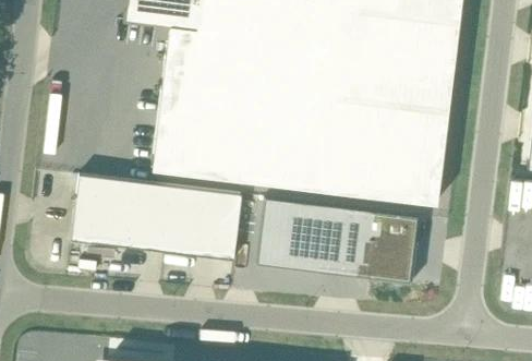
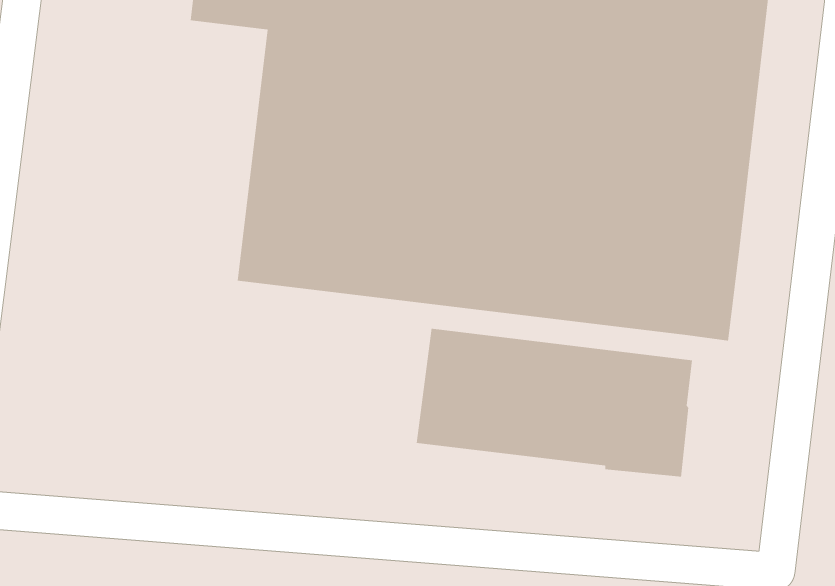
building: [72,176,243,262] -> none

